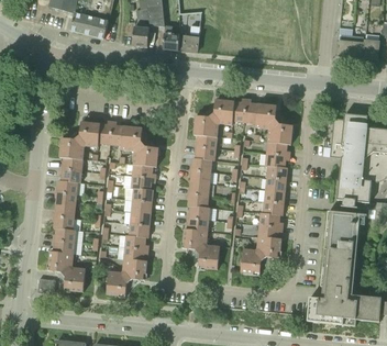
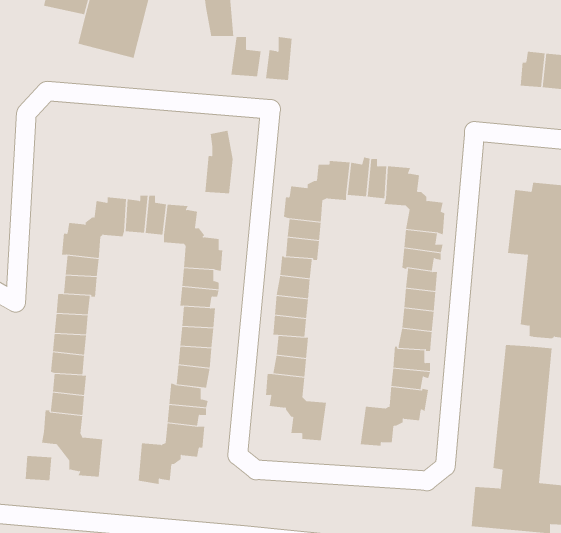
building: [132,8,150,46] -> [204,130,233,194]

